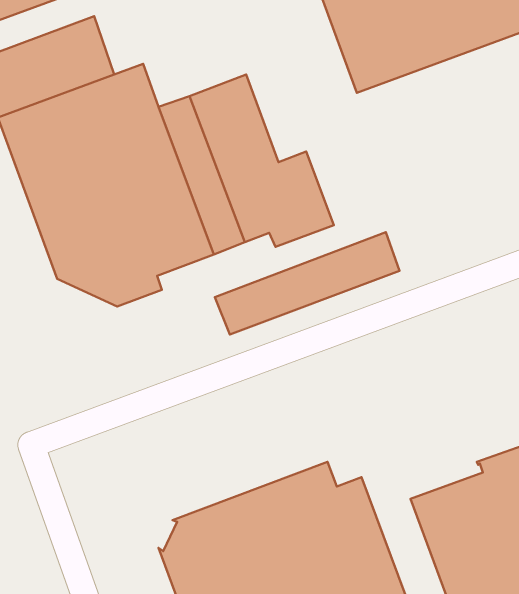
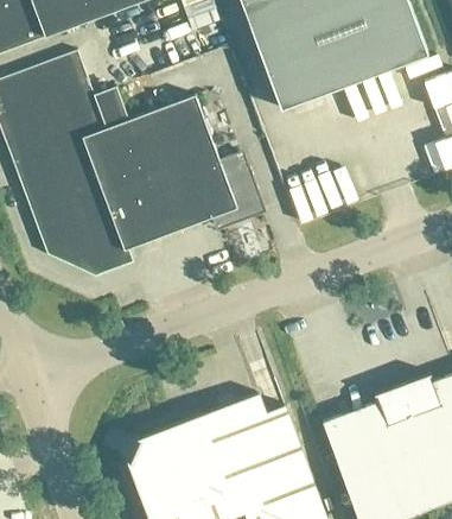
building: [215,232,399,334] -> none

